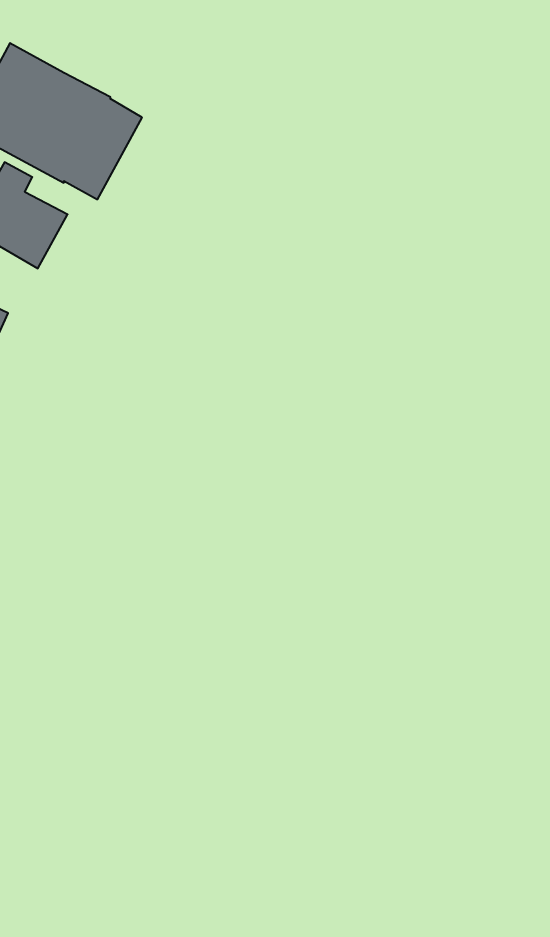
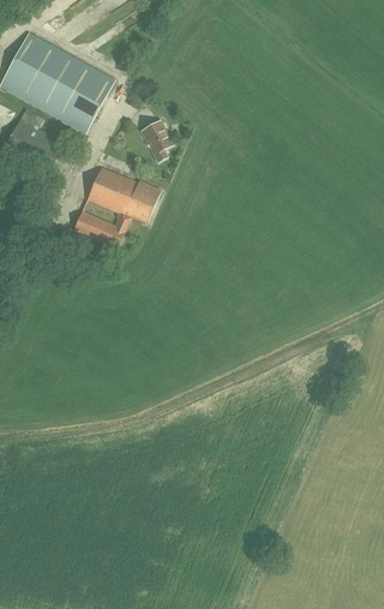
building: none -> [140,120,172,160]
building: none -> [72,166,160,249]

